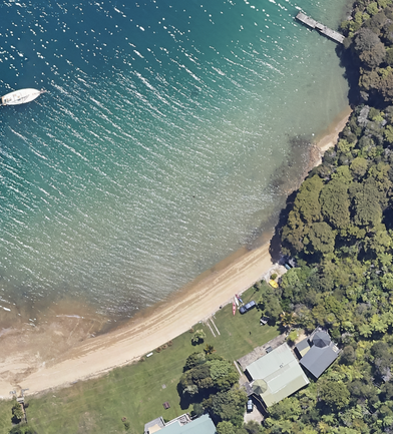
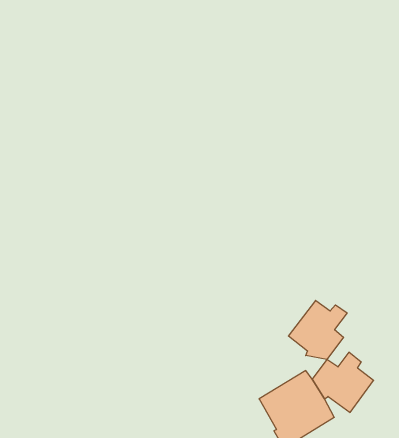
building: none -> [288,300,347,360]

